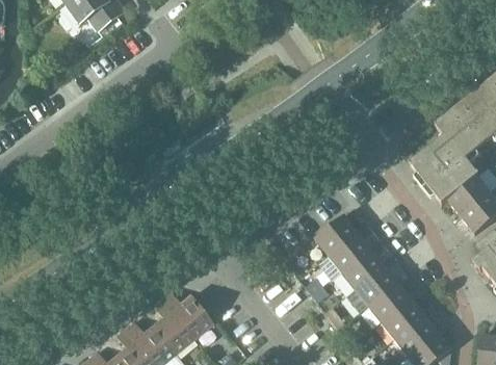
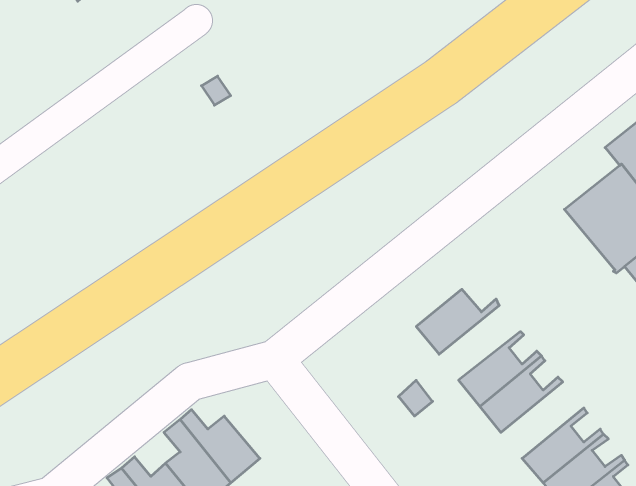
building: [329,226,381,273] -> none
building: [368,275,421,323] -> none

